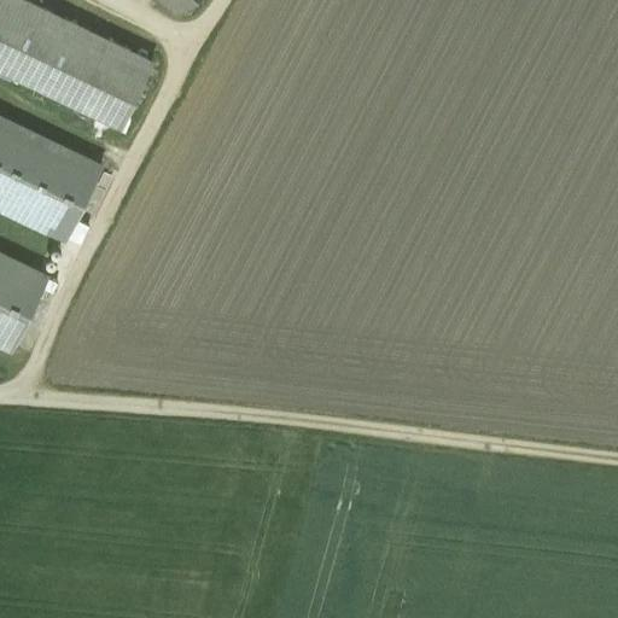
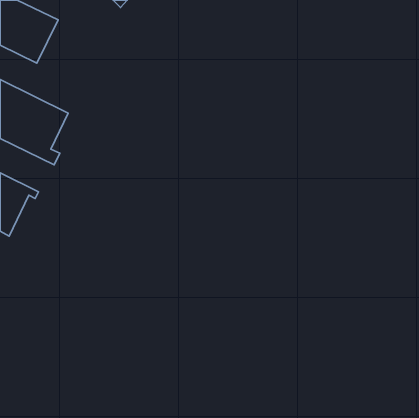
building: [54,30,152,127] -> none

